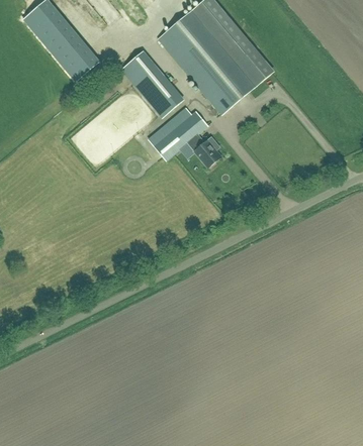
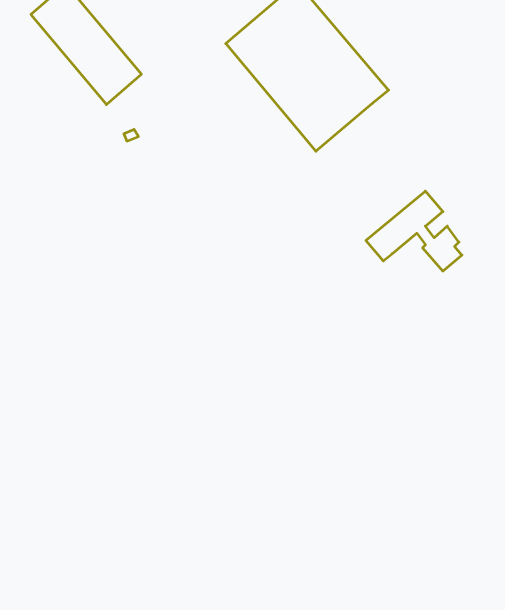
building: [121,50,183,117] -> none
building: [155,111,221,166] -> [366,191,462,271]

